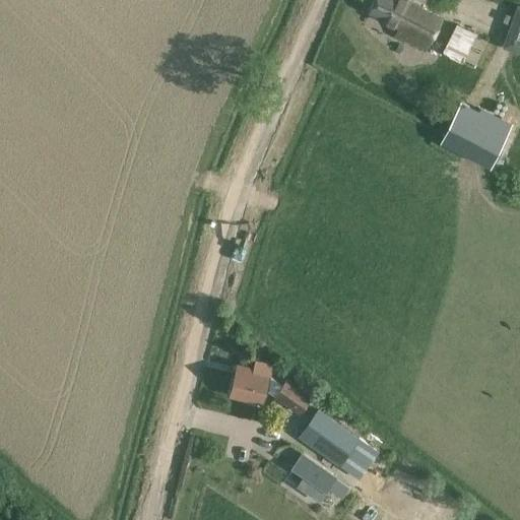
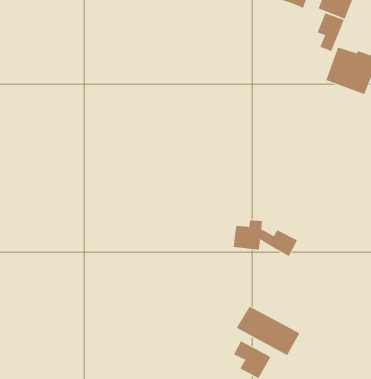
building: none -> [317,13,344,52]
building: [232,364,313,414] -> [233,220,298,257]

